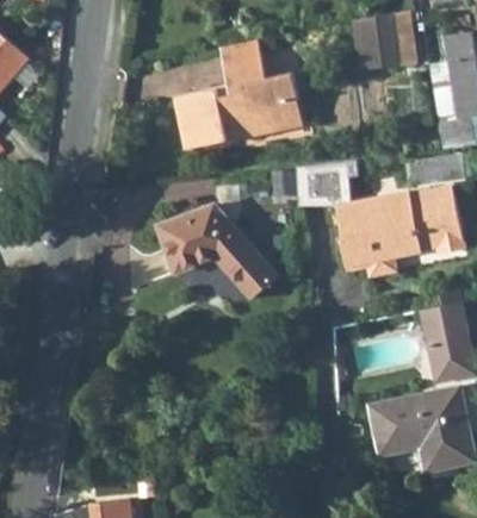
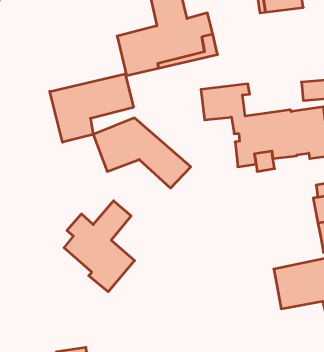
building: none -> [50,74,133,142]
building: none -> [64,201,135,292]

